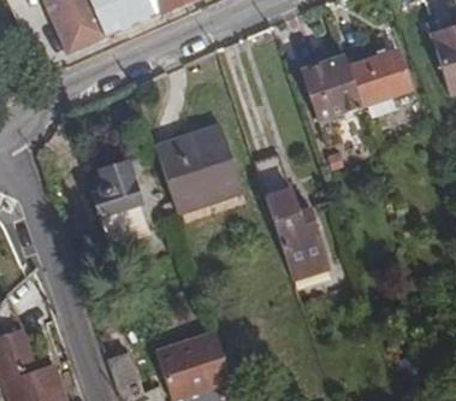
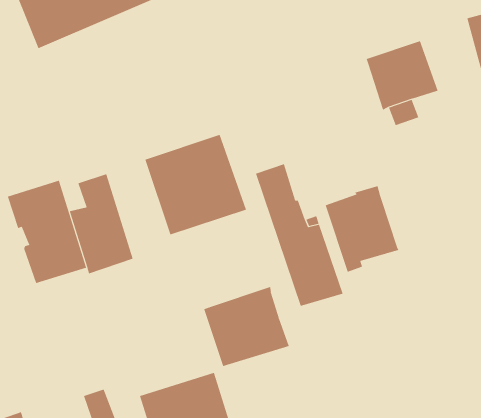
building: [298,54,362,129] -> [325,186,399,272]
building: none -> [7,180,87,284]
building: none -> [203,286,289,367]

